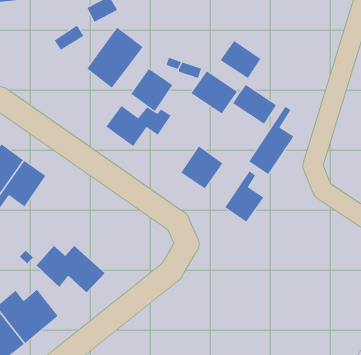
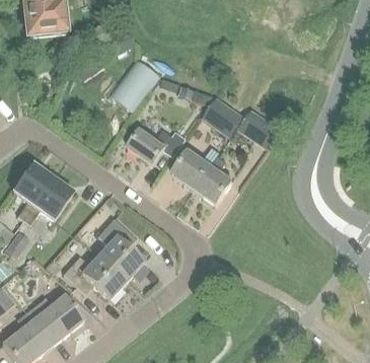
building: [220,40,261,79] -> none
building: [130,68,173,112] -> [171,150,210,190]
building: [249,106,294,175] -> none
building: [224,171,264,222] -> none
building: none -> [97,218,143,281]

